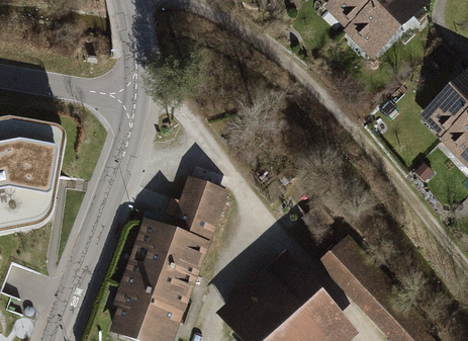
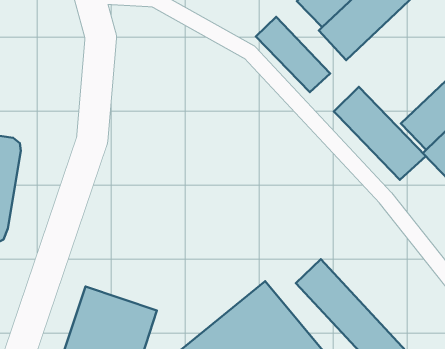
building: none -> [256,17,330,92]
building: none -> [334,87,426,180]
building: [125,182,223,288] -> none

